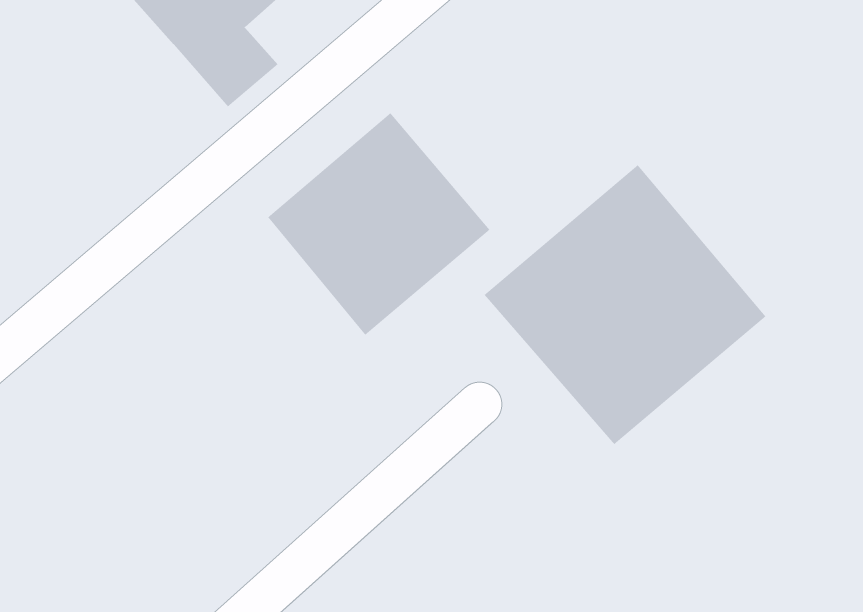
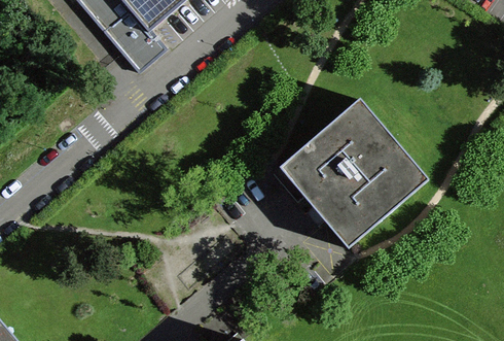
building: [267,112,490,336] -> none

